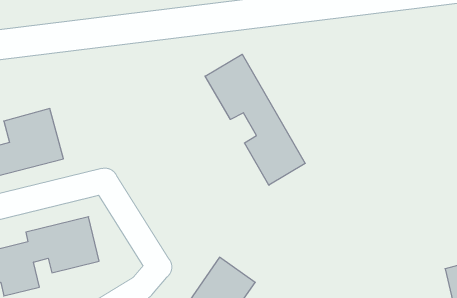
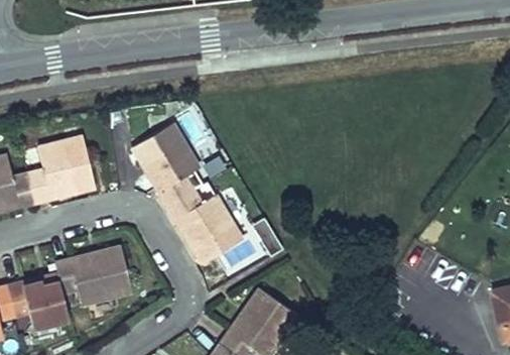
building: [205,54,305,185] -> none
building: none -> [133,122,242,263]

